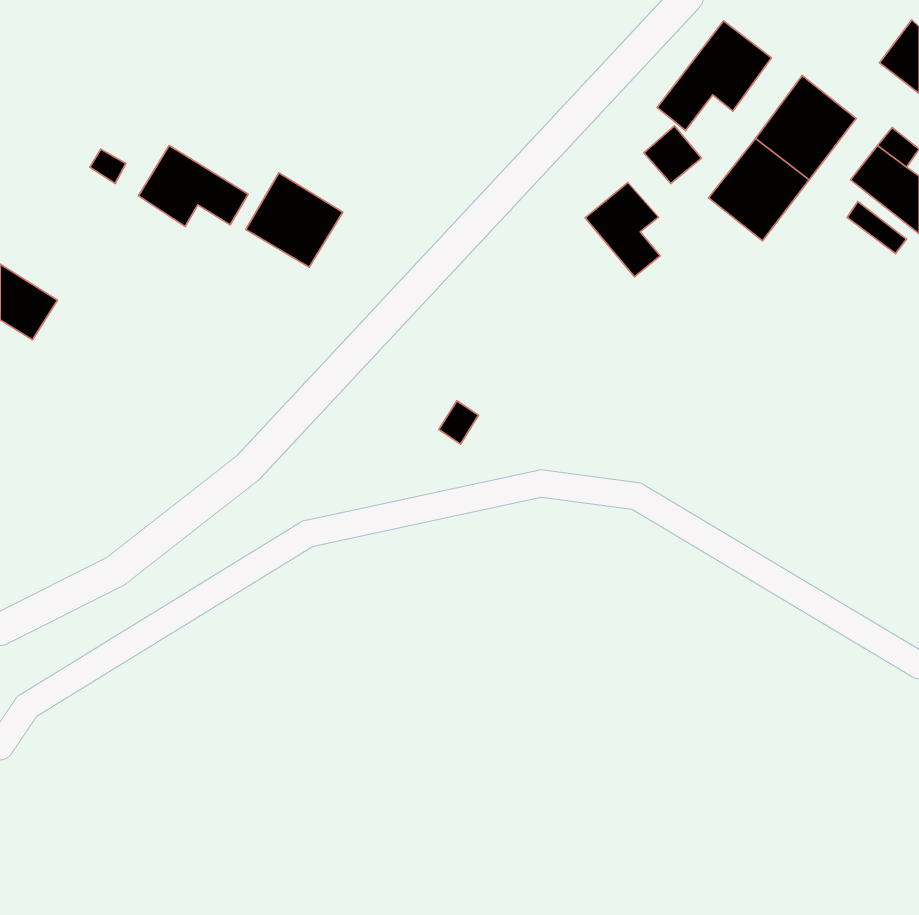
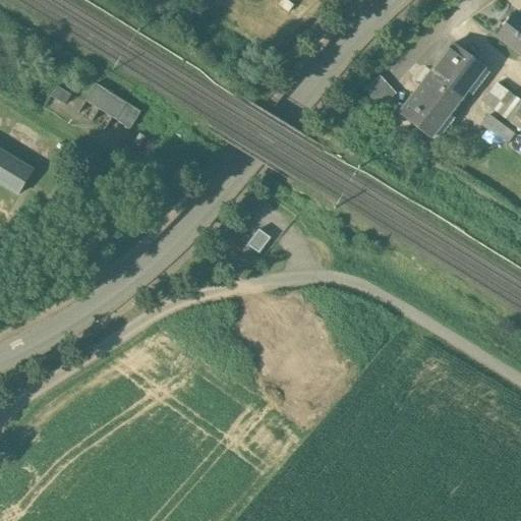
building: [657,21,771,130] -> none
building: [246,173,343,267] -> none
building: [585,183,660,277] -> none

